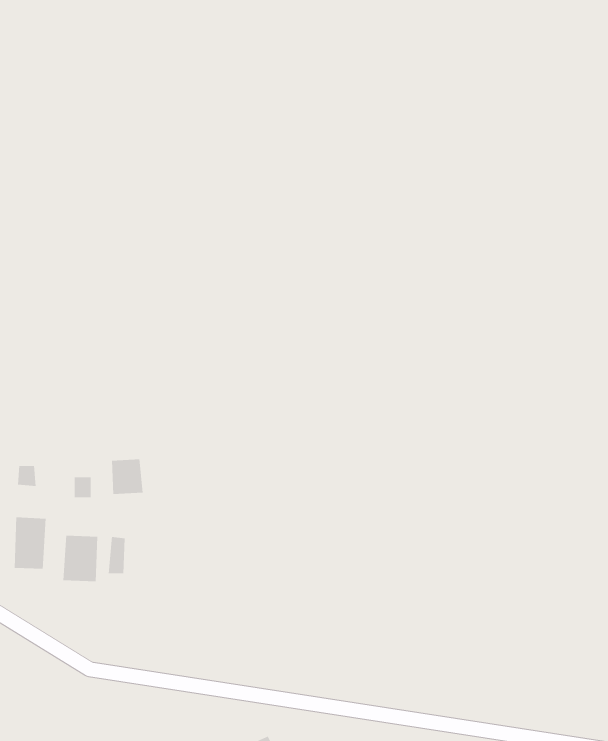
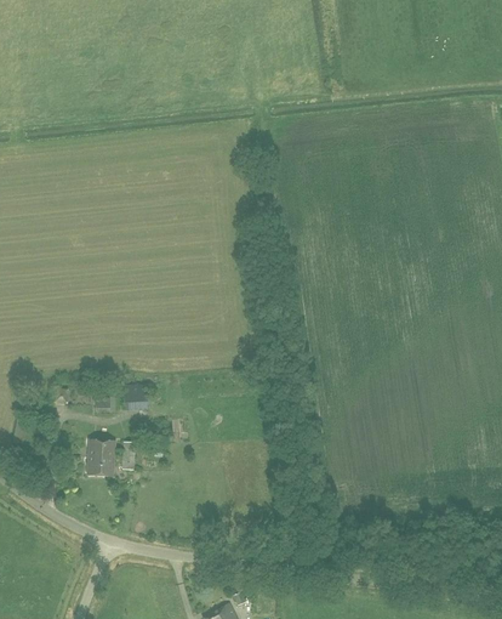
building: [14,517,46,570] -> none

